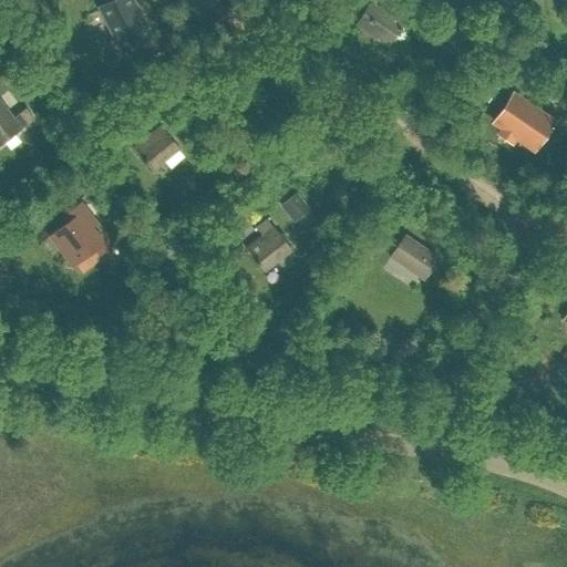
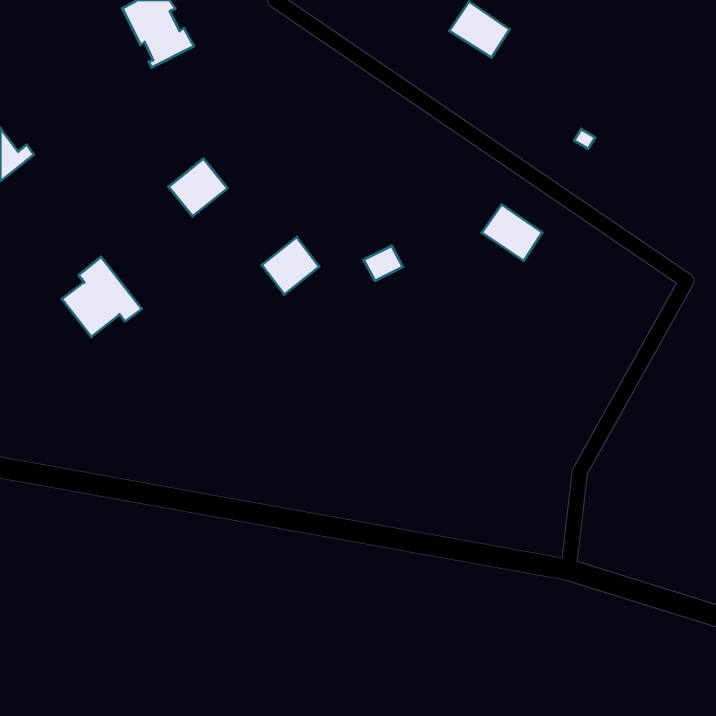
building: [495,95,553,150] -> none
building: [247,227,292,272] -> [262,237,319,295]
building: [391,236,439,280] -> [482,205,542,261]

